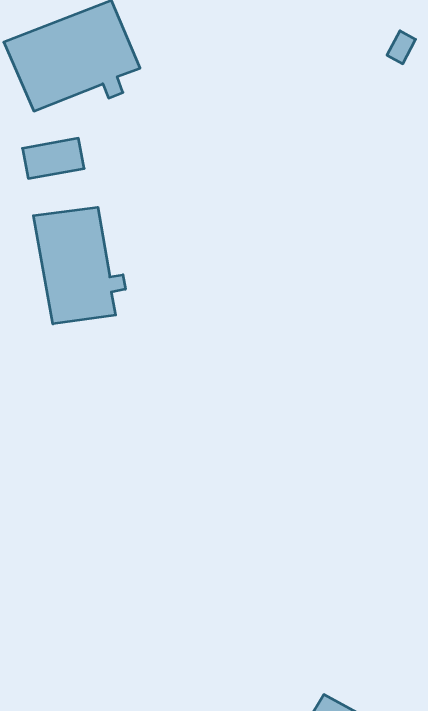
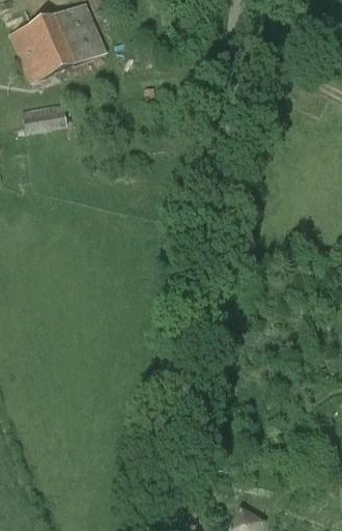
building: [33,207,125,324] -> none

